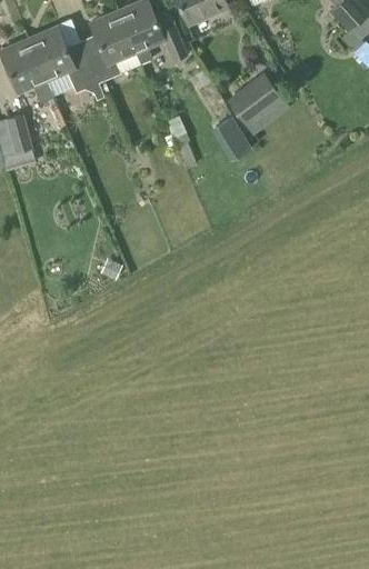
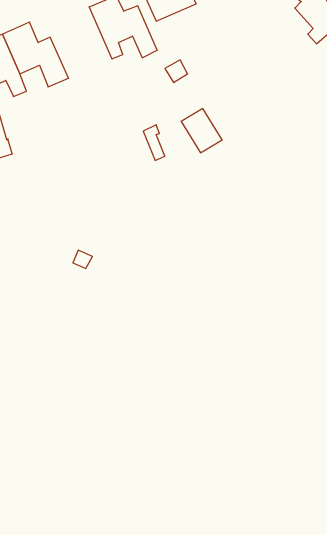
building: [77,10,140,83] -> none
building: [225,72,282,127] -> none

